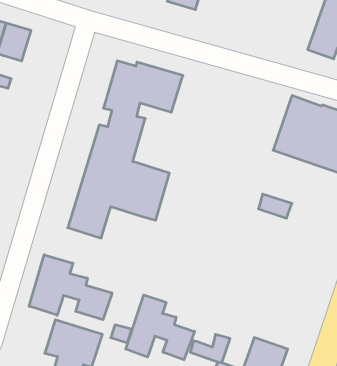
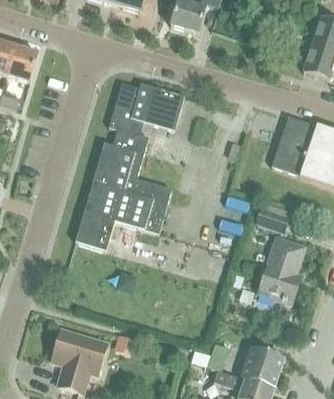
building: none -> [258,237,305,303]
building: [29,255,112,320] -> none
building: [126,295,195,360] -> none

